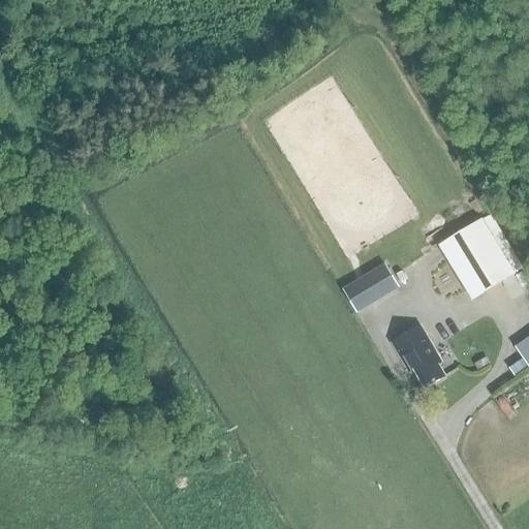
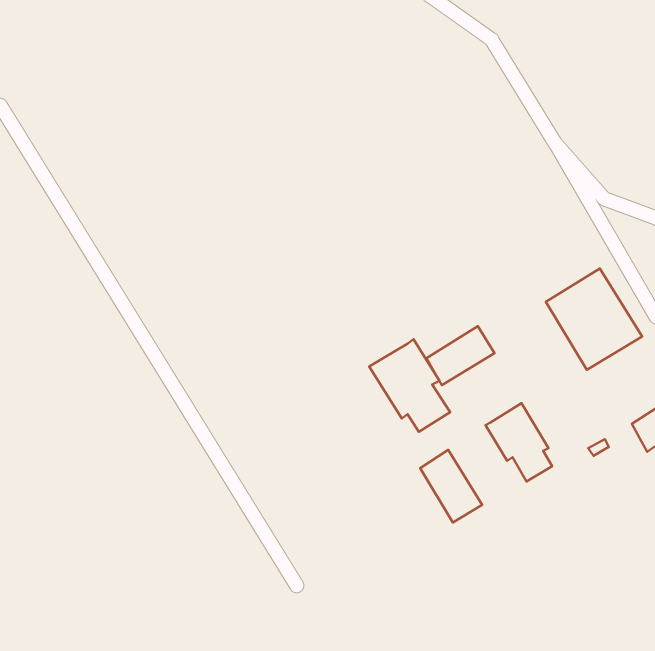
building: none -> [369,339,450,432]
building: none -> [420,450,482,522]

